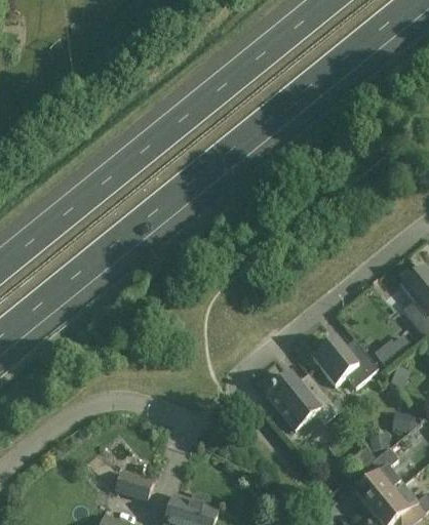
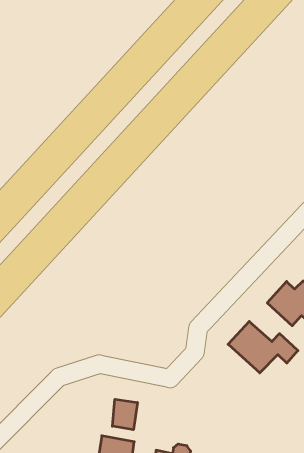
building: none -> [112,399,137,430]

